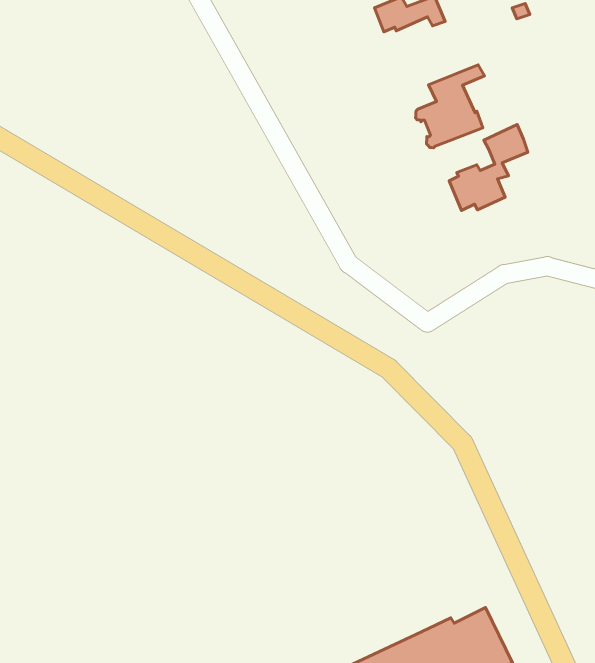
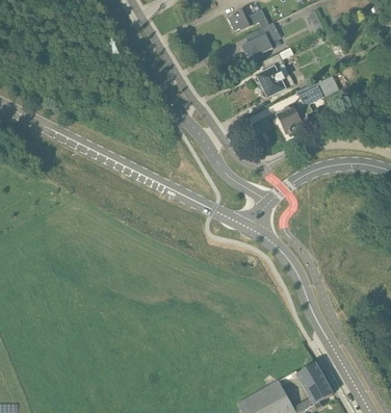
building: none -> [241,21,281,56]

